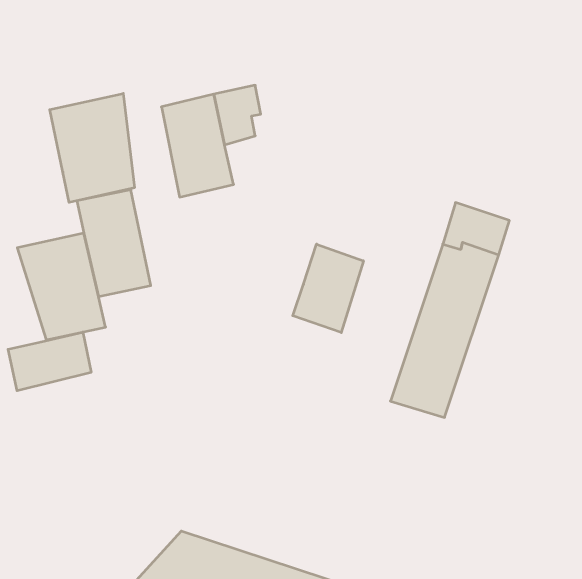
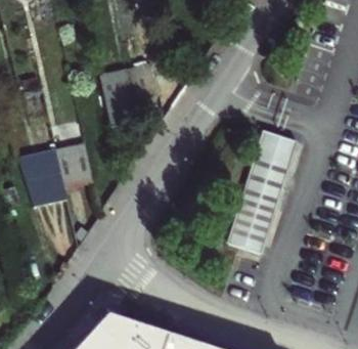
building: [50,93,134,202] -> none
building: [293,244,363,333] -> none
building: [8,332,91,391] -> none

